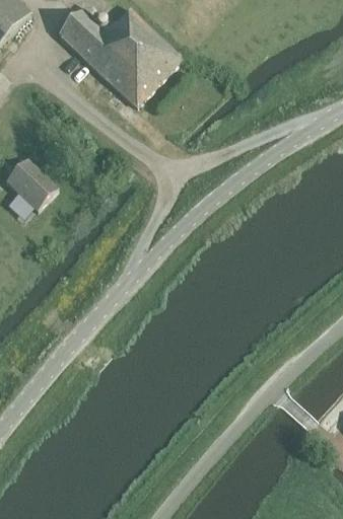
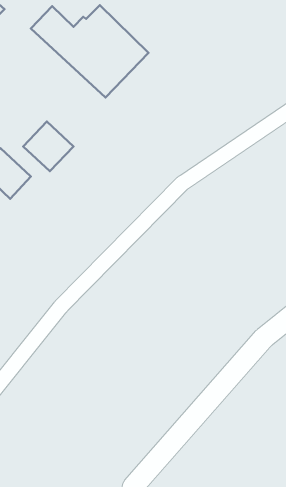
building: none -> [23,122,73,171]

